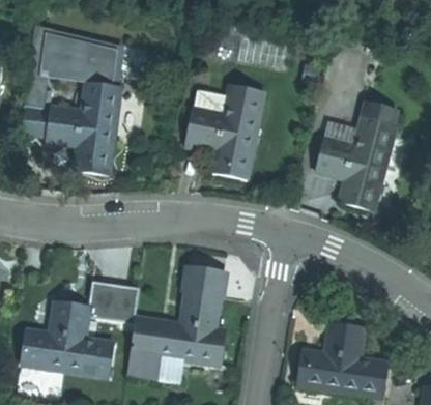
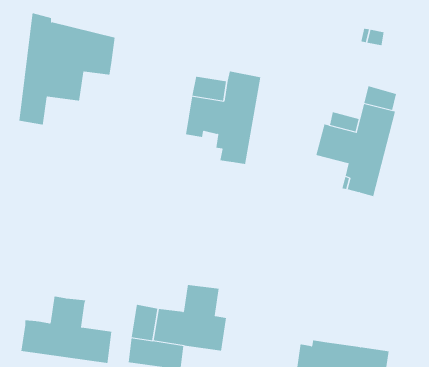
building: [45,86,117,177] -> none
building: [184,270,226,302] -> none
building: [86,280,139,323] -> none
building: [324,321,364,359] -> none

